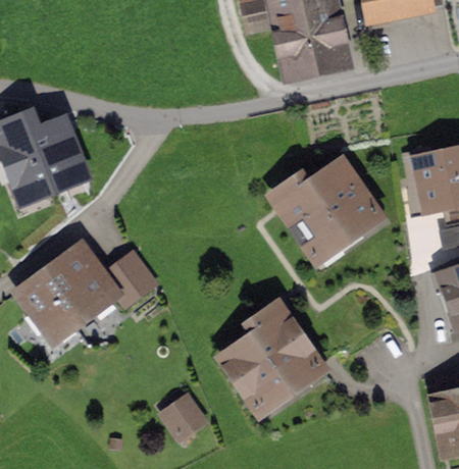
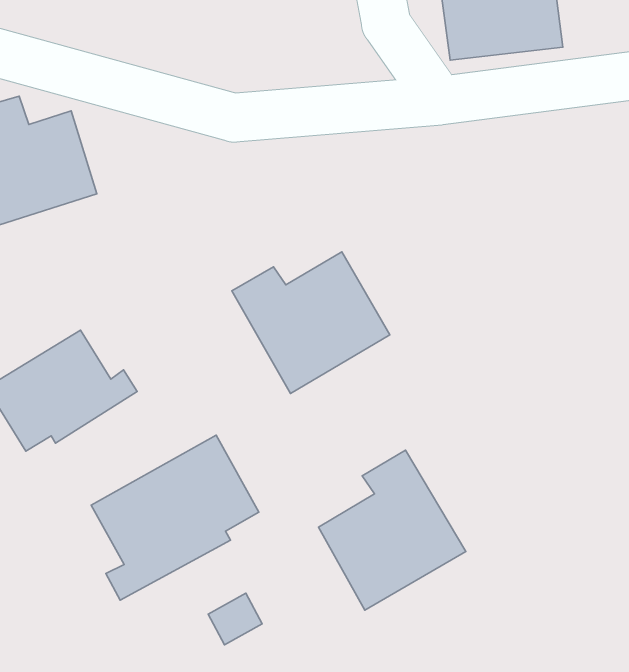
building: [278,166,374,253] -> [232,252,390,394]
building: [106,255,153,301] -> none
building: none -> [91,435,259,600]

